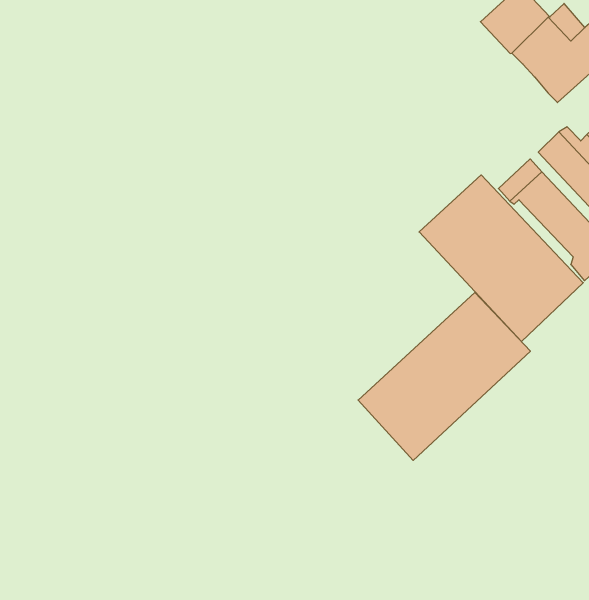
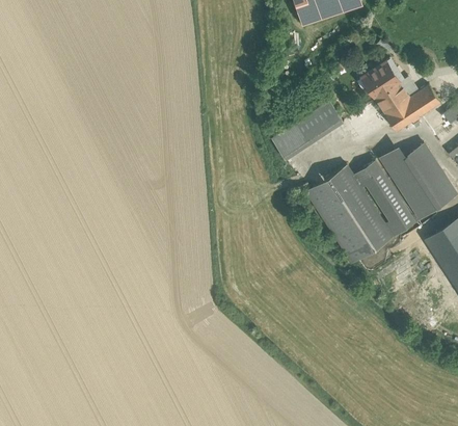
building: none -> [272,102,343,161]
building: [358,293,530,460] -> none

